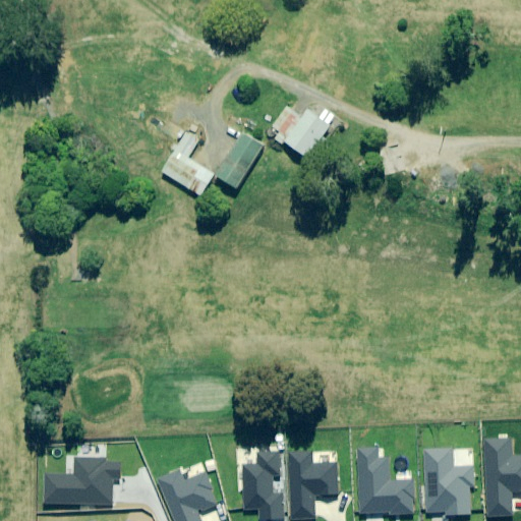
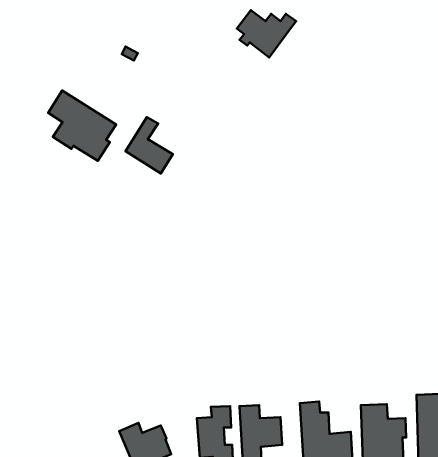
building: none -> [48,91,116,161]
building: [273,105,338,157] -> [237,10,296,57]
building: [218,133,263,187] -> none
building: [46,457,119,503] -> none

